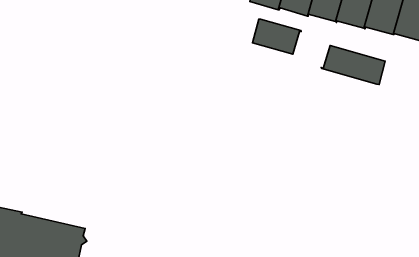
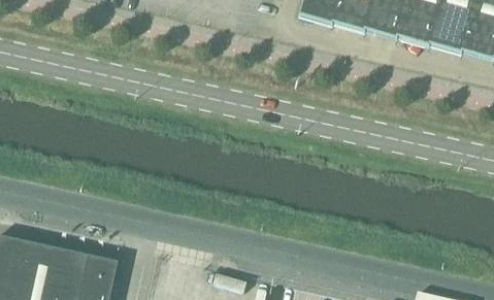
building: [252,19,301,54] -> none
building: [321,46,385,85] -> none

